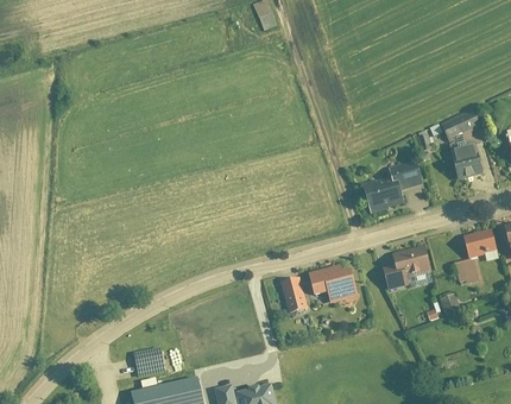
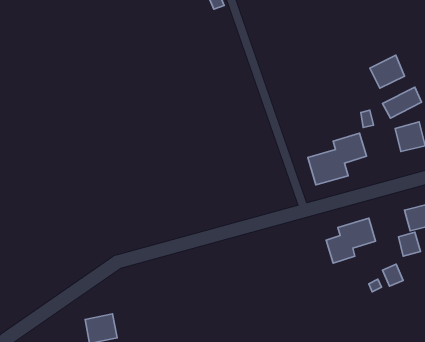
building: none -> [370,55,405,88]
building: [310,264,359,303] -> none
building: [282,277,308,311] -> none

